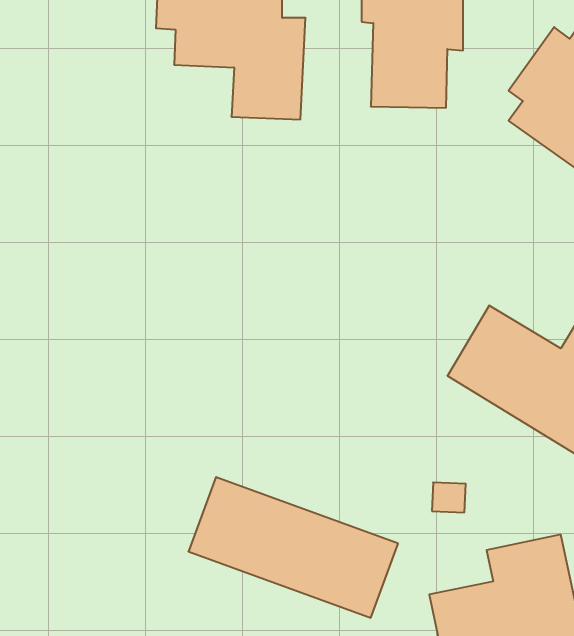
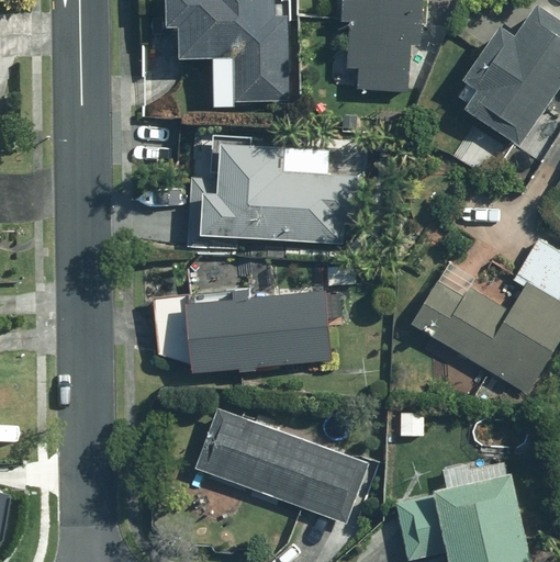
building: none -> [188,132,360,250]
building: none -> [153,288,332,375]

